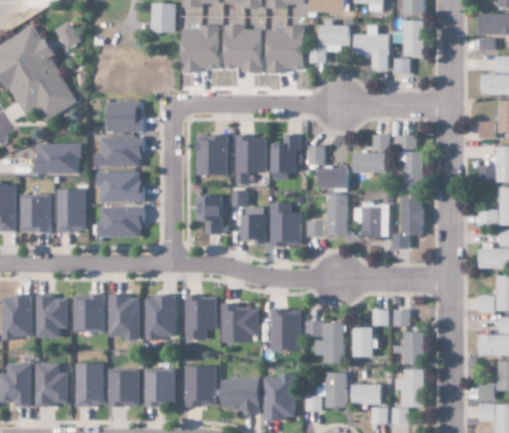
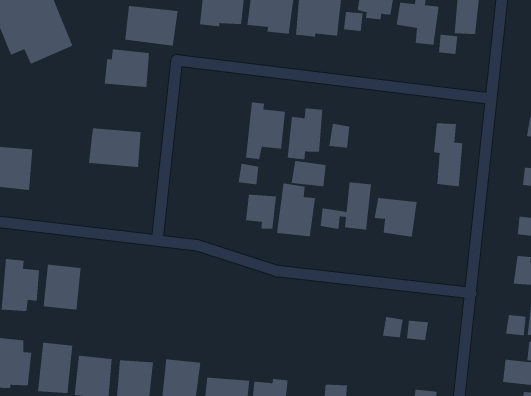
building: [196,134,227,174] -> none
building: [354,134,387,172] -> none
building: [100,136,144,167] -> [125,5,179,46]
building: [37,143,82,173] -> none
building: [319,167,348,187] -> [291,160,326,187]
building: [56,188,87,232] -> none
building: [197,194,223,234] -> none
building: [393,196,423,249] -> none
building: [100,205,144,237] -> none
building: [185,294,216,339] -> none
building: [108,295,139,337] -> none
building: [145,295,175,339] -> none
building: [221,302,260,341] -> none
building: [270,309,301,349] -> none
building: [306,321,344,363] -> none
building: [352,326,377,356] -> none
building: [392,330,425,364] -> none

